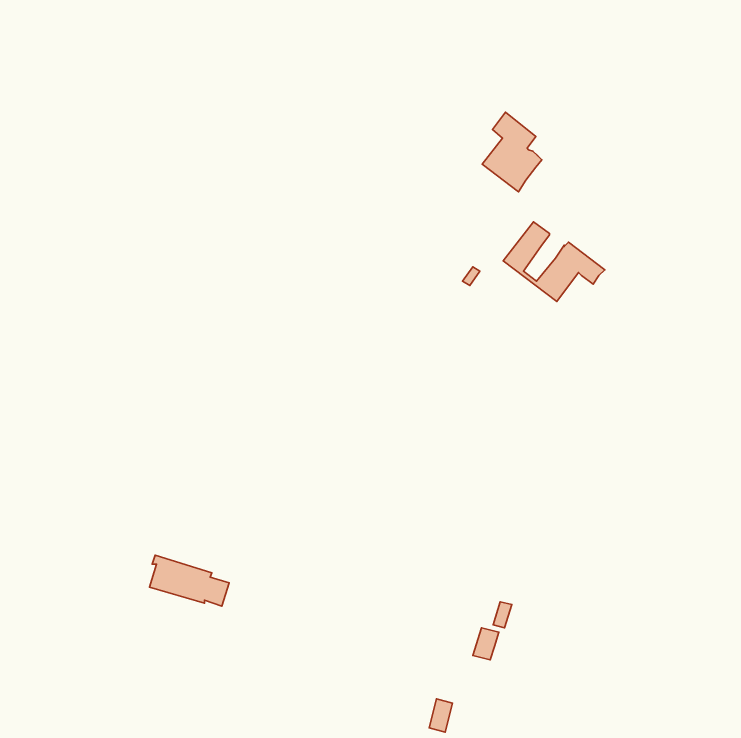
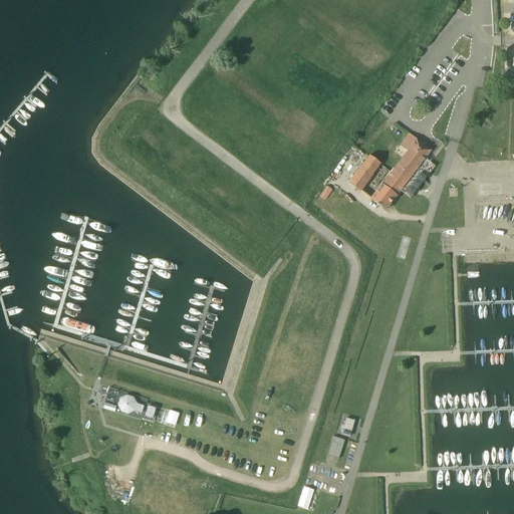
building: [482,112,542,192] -> [394,132,435,187]

